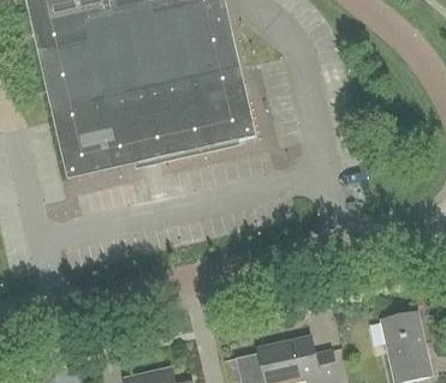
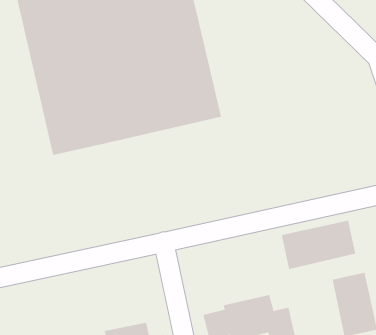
building: none -> [281,220,356,270]

